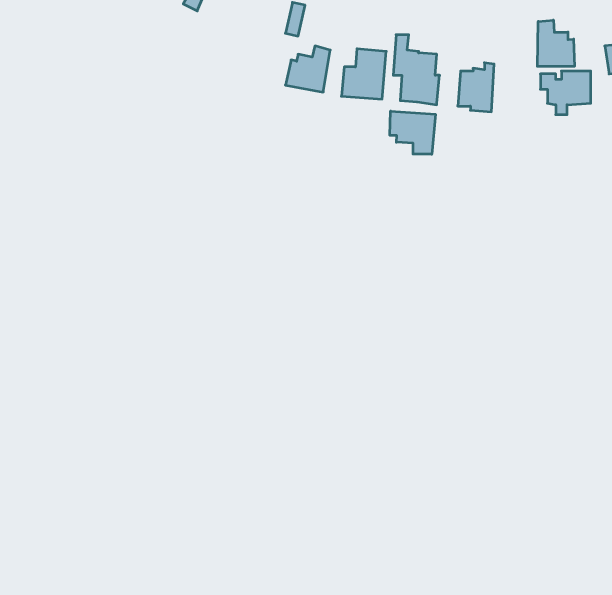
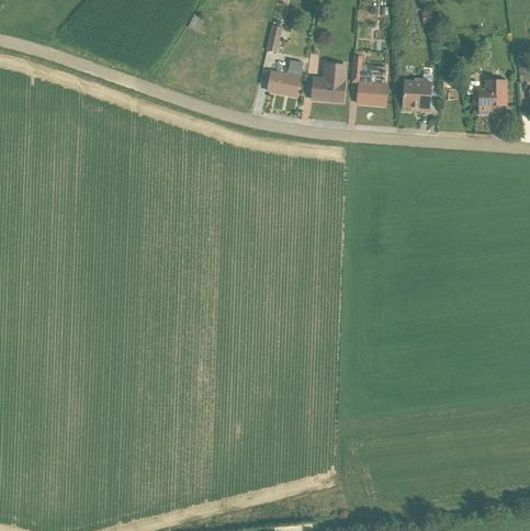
building: [537,20,574,66] -> none
building: [390,111,435,154] -> none

